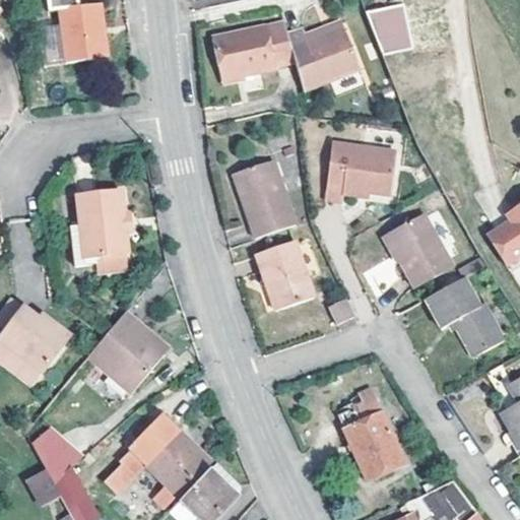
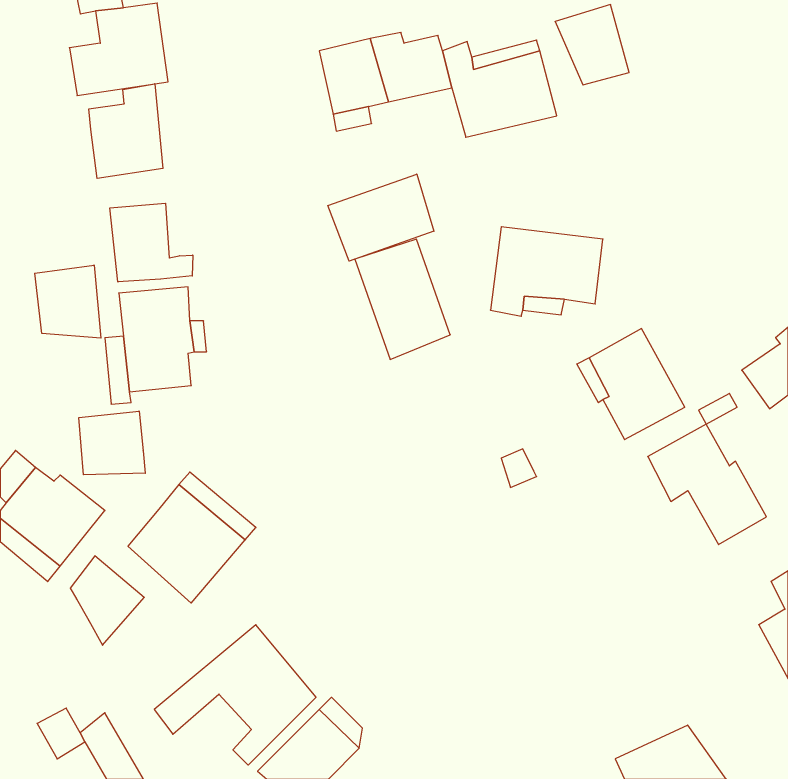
building: none -> [89,84,163,178]
building: none -> [328,174,434,261]
building: none -> [110,203,193,282]
building: none -> [35,265,101,338]
building: [256,238,313,306] -> none
building: none -> [79,411,145,475]
building: [338,384,407,478] -> none
building: [31,424,80,482] -> [70,556,144,645]

